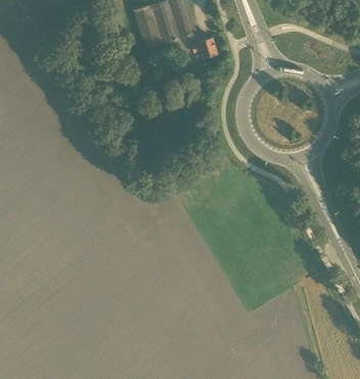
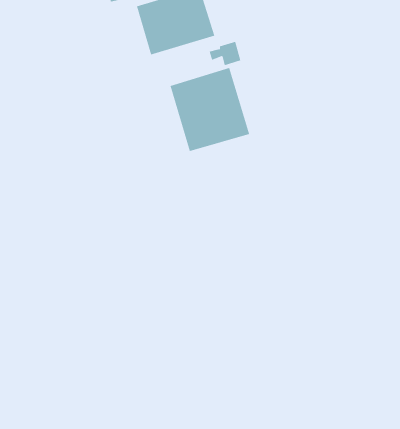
building: none -> [170,67,250,152]

